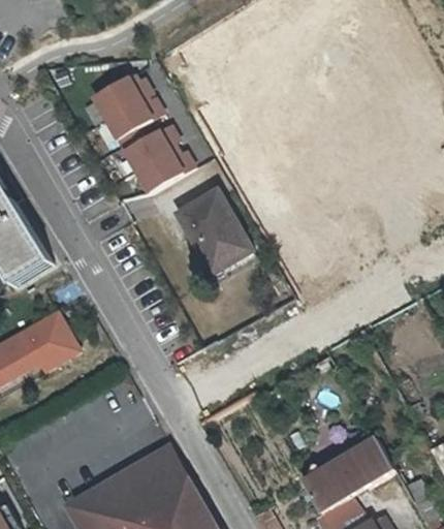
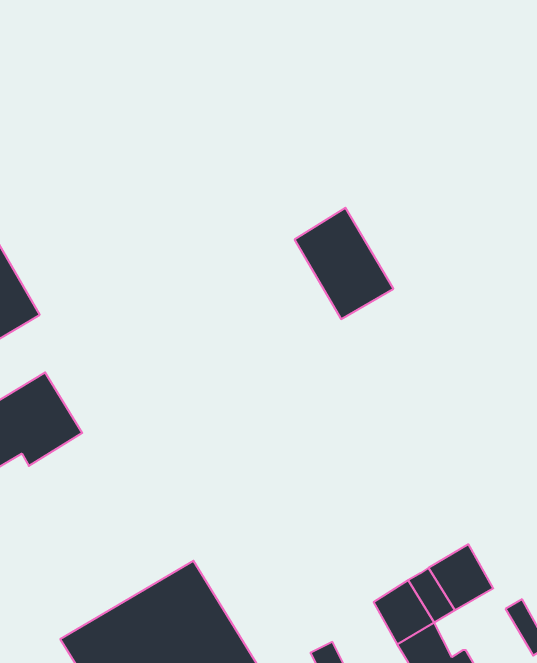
building: [89,77,153,143] -> none
building: [121,131,185,196] -> none
building: [177,194,251,278] -> [295,208,393,319]

